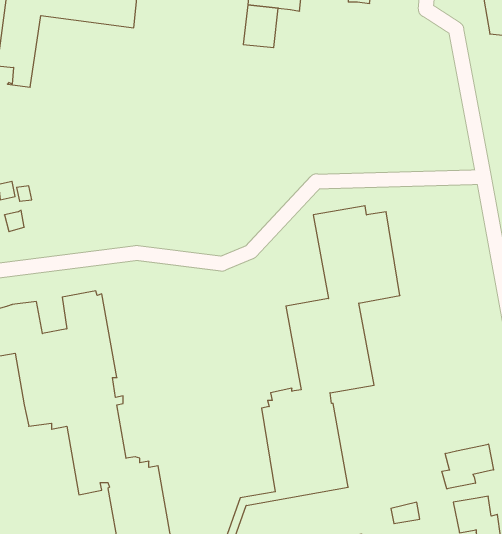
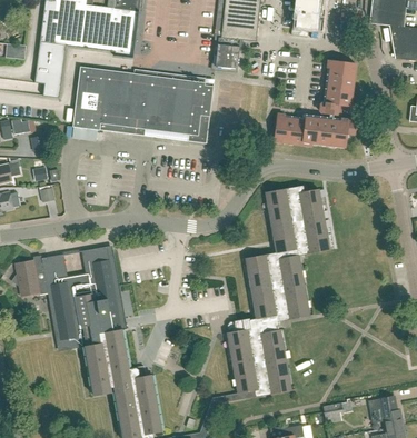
building: none -> [275,60,356,147]
building: none -> [72,67,214,136]
building: [442,444,494,489] -> none

